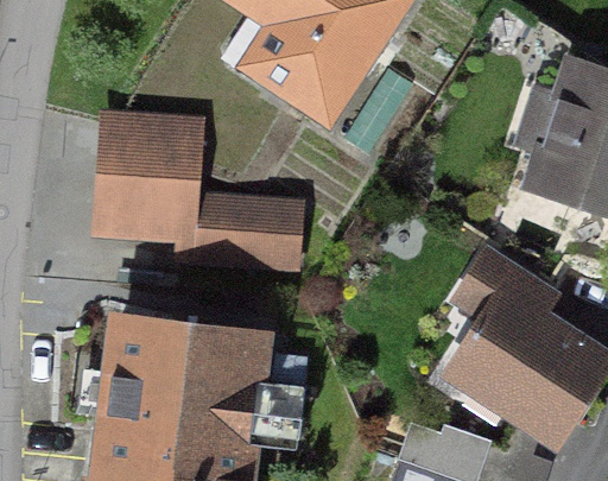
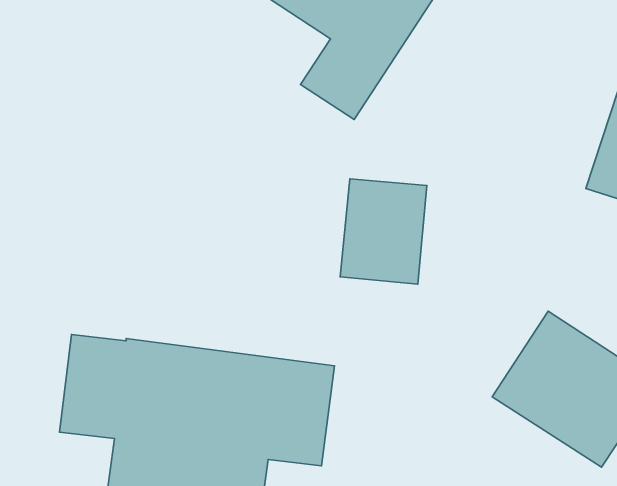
building: [93,115,305,271] -> none
building: none -> [340,179,427,284]

